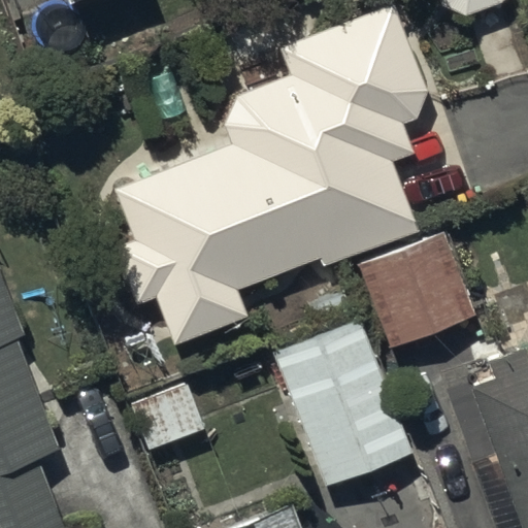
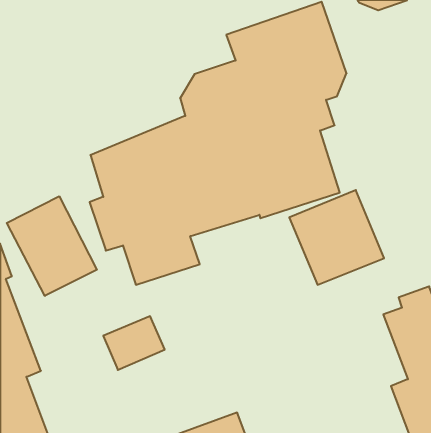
building: none -> [7,196,97,296]
building: [270,315,415,488] -> none

